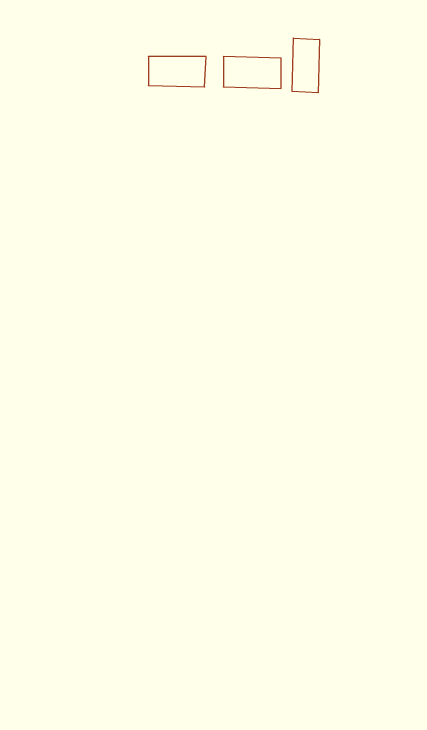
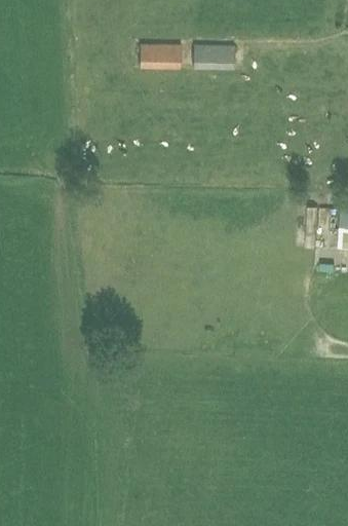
building: [292,38,319,93] -> none

